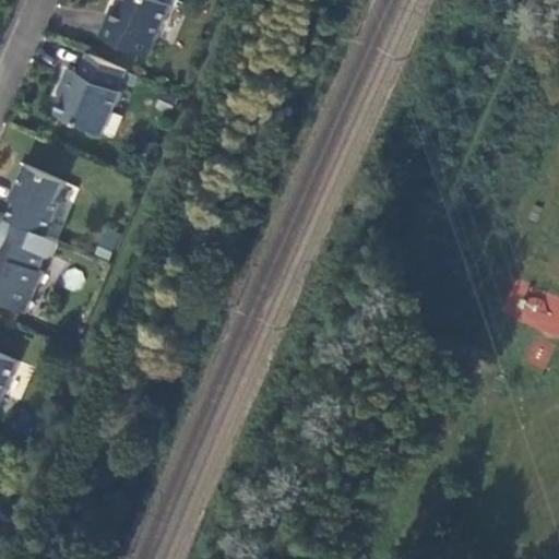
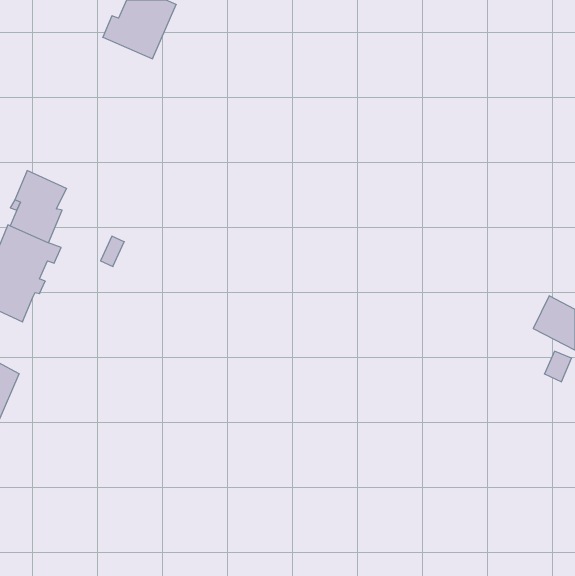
building: [57,53,127,133] -> none

